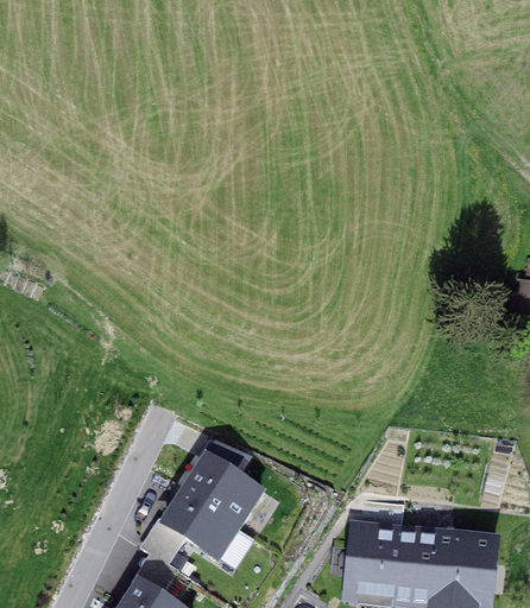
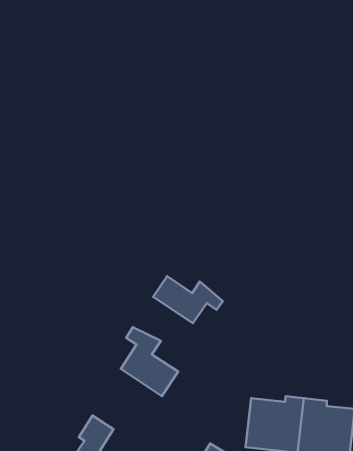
building: none -> [153,276,223,323]
building: [139,494,239,566] -> none

